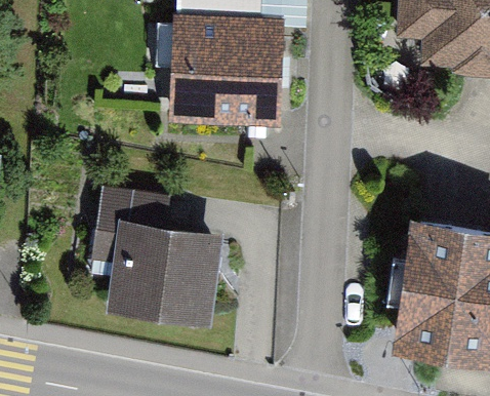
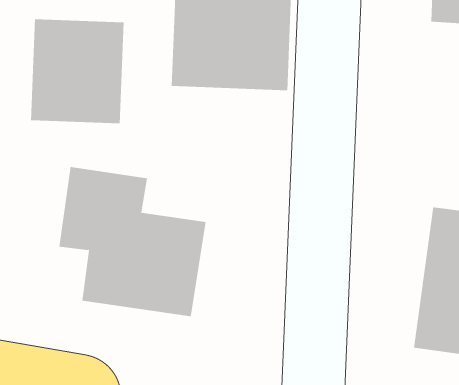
building: none -> [31,18,124,124]

